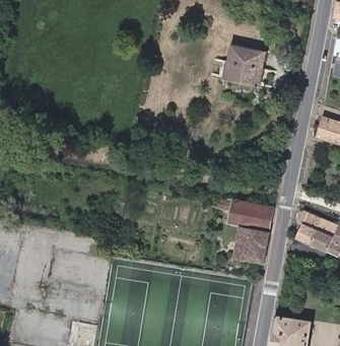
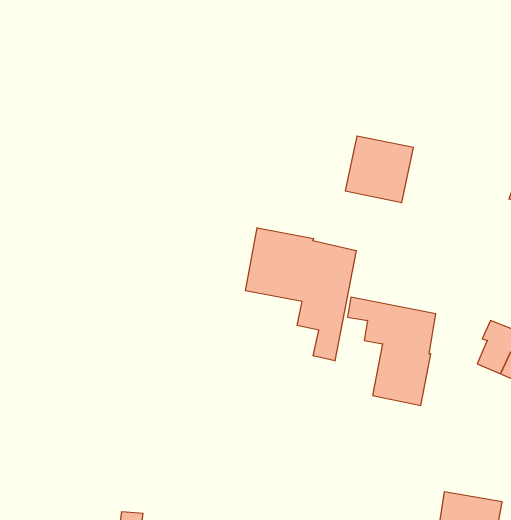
building: [224,45,266,85] -> [345,136,413,203]
building: none -> [246,228,356,361]

